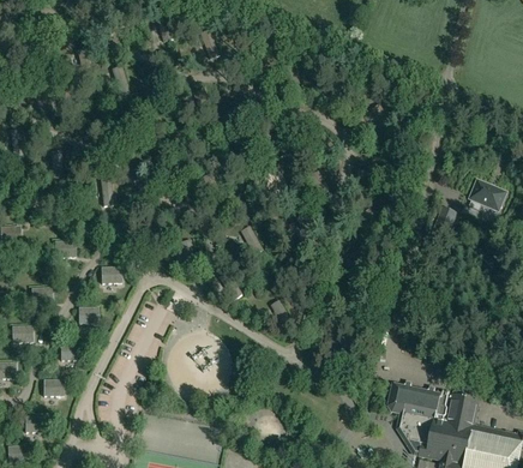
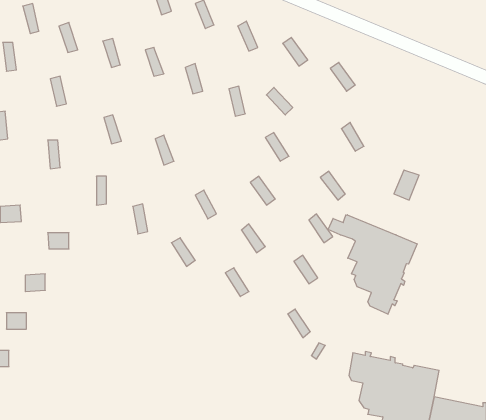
building: [467,179,506,212] -> none
building: none -> [328,215,417,314]

